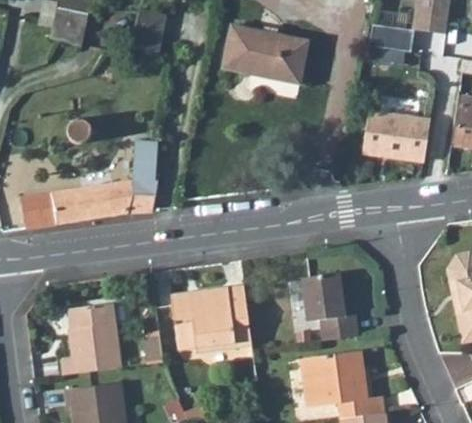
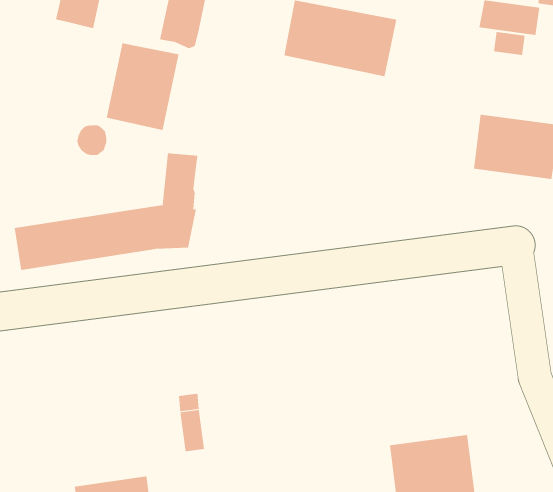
building: none -> [106,43,179,131]
building: [302,273,357,340] -> none
building: [171,285,252,349] -> none
building: [61,303,120,375] -> none

